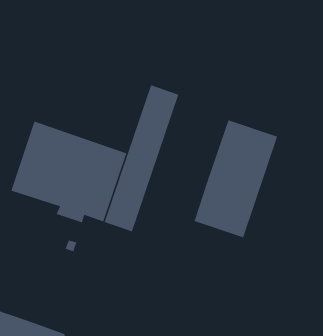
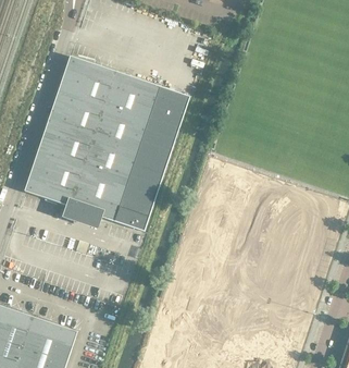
building: none -> [47,57,161,155]
building: [194,119,278,238] -> none

